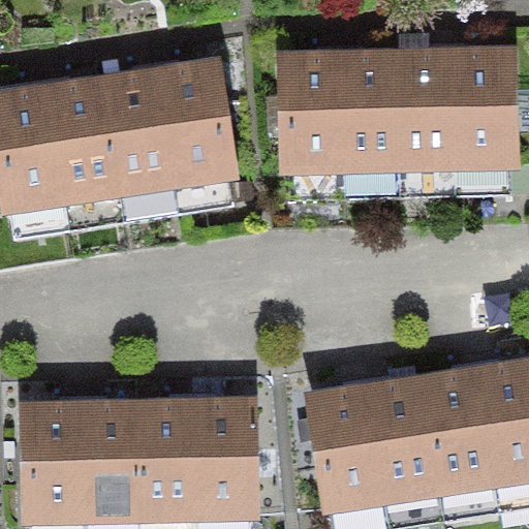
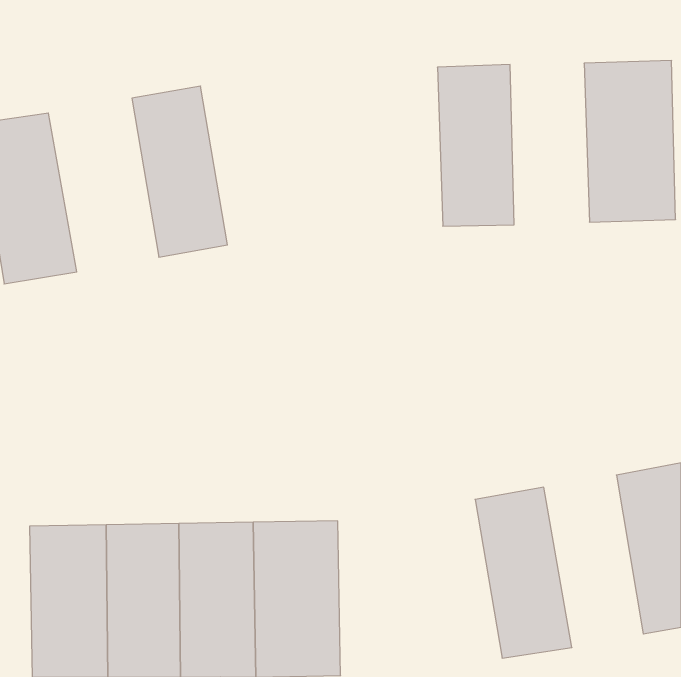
building: [392,49,453,173] -> none
building: [276,52,340,176] -> none
building: [154,56,238,188] -> none
building: [37,75,122,209] -> none
building: [417,365,494,497] -> none
building: [306,383,385,516] -> none

